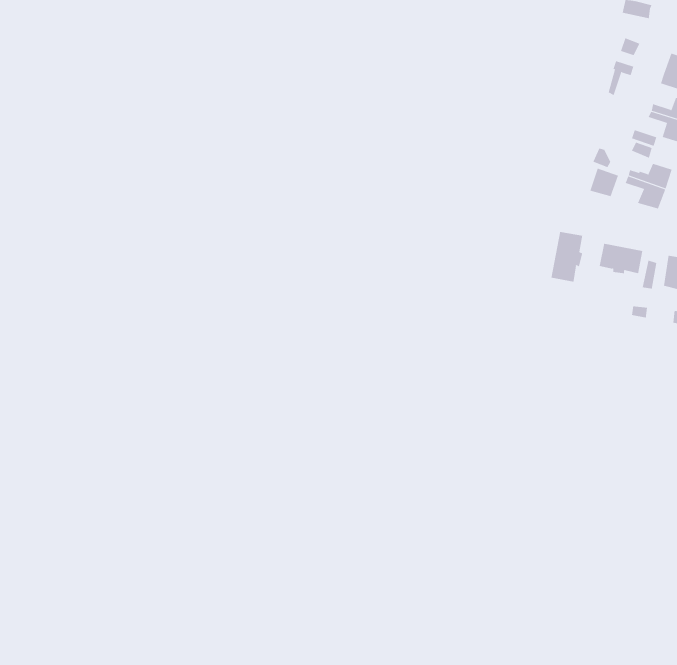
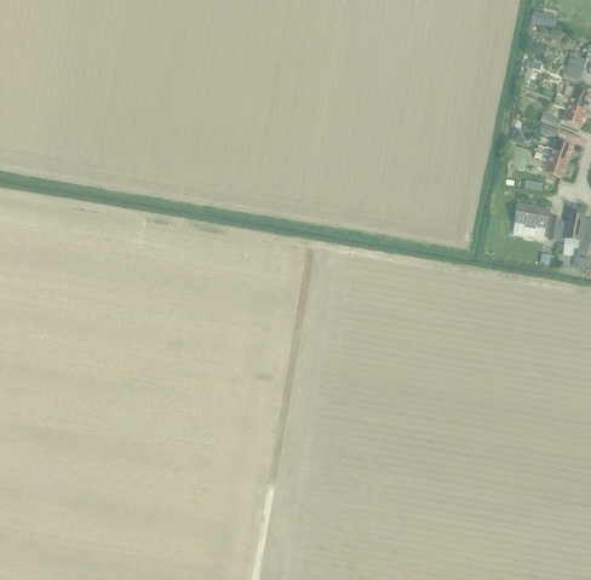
building: [551,231,583,282] -> none

